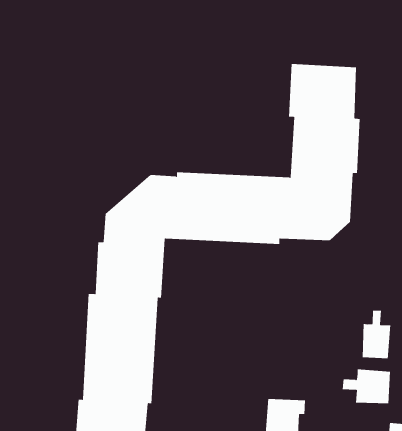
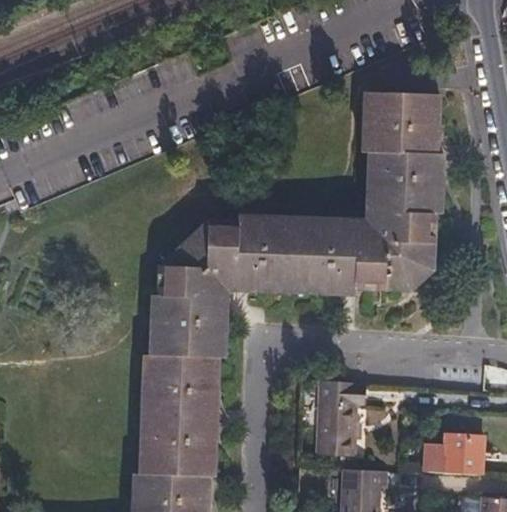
building: [362,310,391,359] -> none
building: none -> [317,380,364,456]

